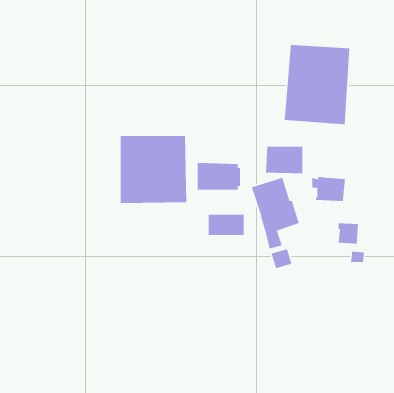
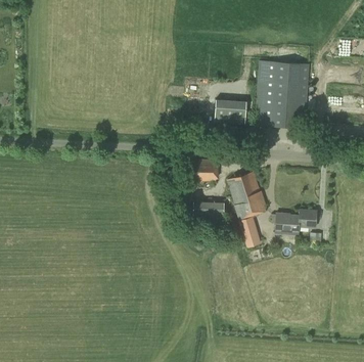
building: [120,135,187,204] -> none
building: [265,146,303,174] -> [213,99,244,123]
building: [311,176,346,202] -> [272,213,301,234]

